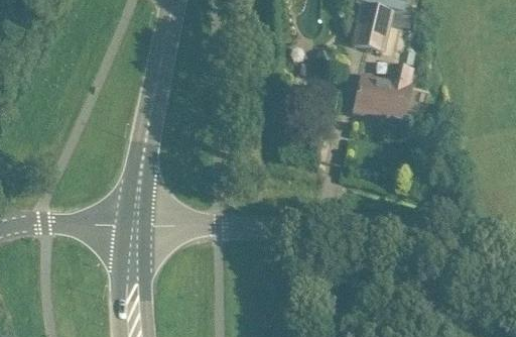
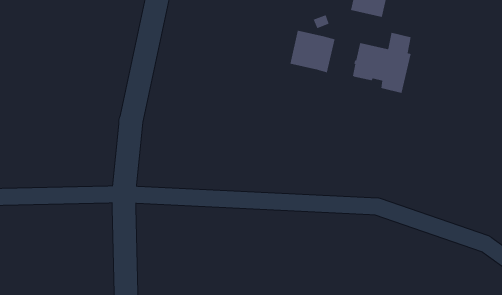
building: none -> [290,30,335,73]

